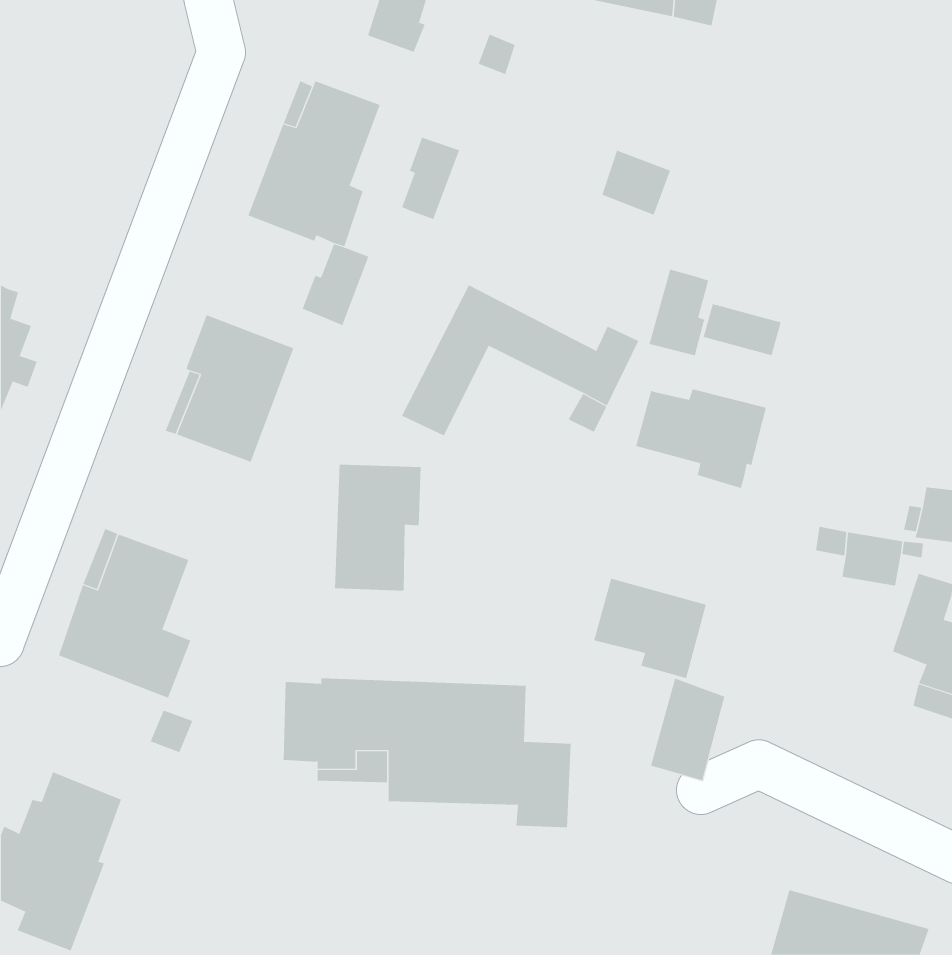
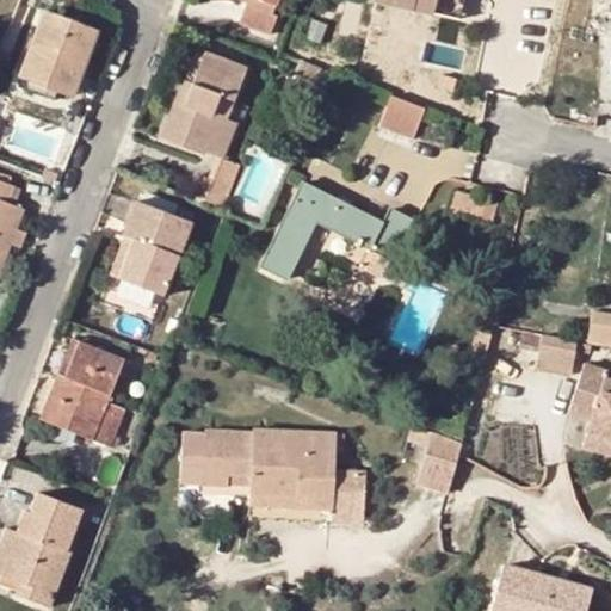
building: none -> [21,10,94,95]
building: [402,137,460,220] -> none
building: [649,269,709,356] -> none
building: [636,388,766,489] -> none
building: [334,464,421,591] -> none
building: [593,578,707,679] -> none

